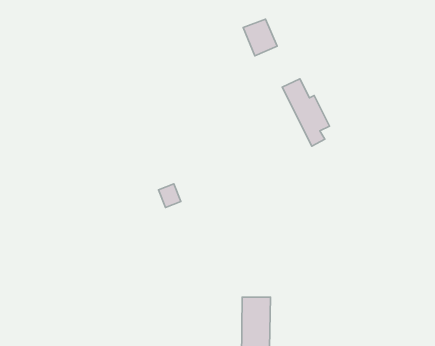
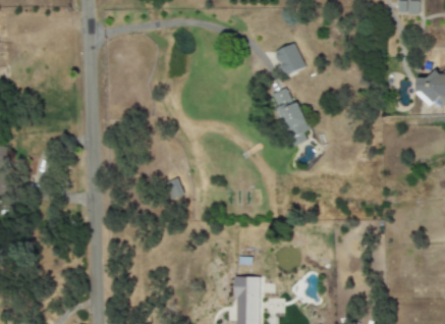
building: [243,19,277,56] -> [276,45,305,76]

